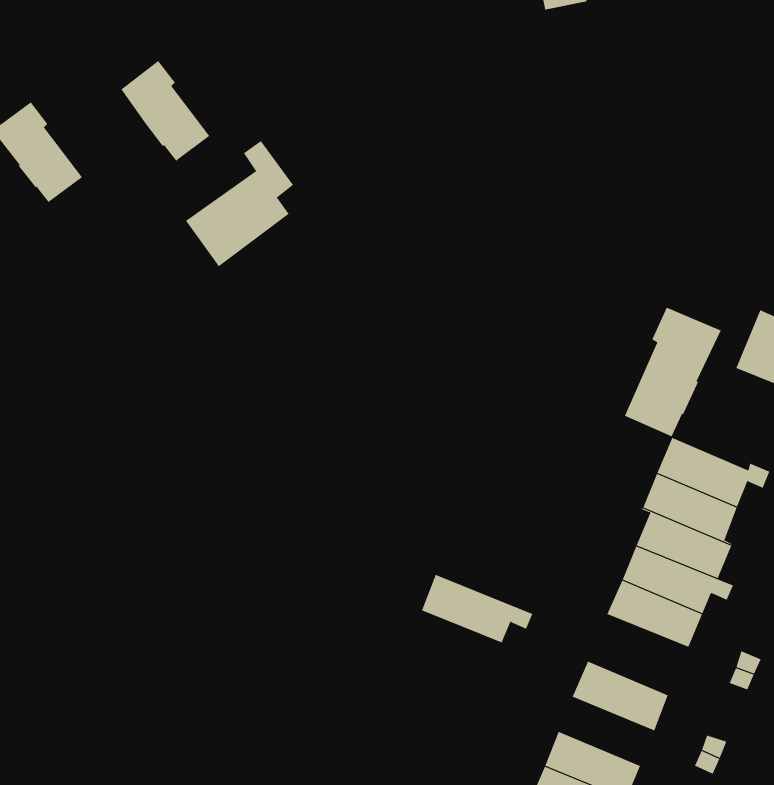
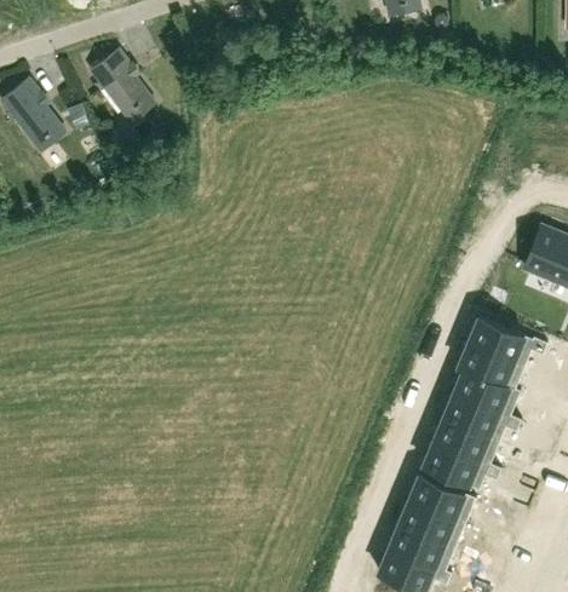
building: [185,140,294,267] -> none
building: [624,307,721,437] -> none
building: [421,574,533,643] -> [423,439,501,488]
building: none -> [398,498,466,546]

